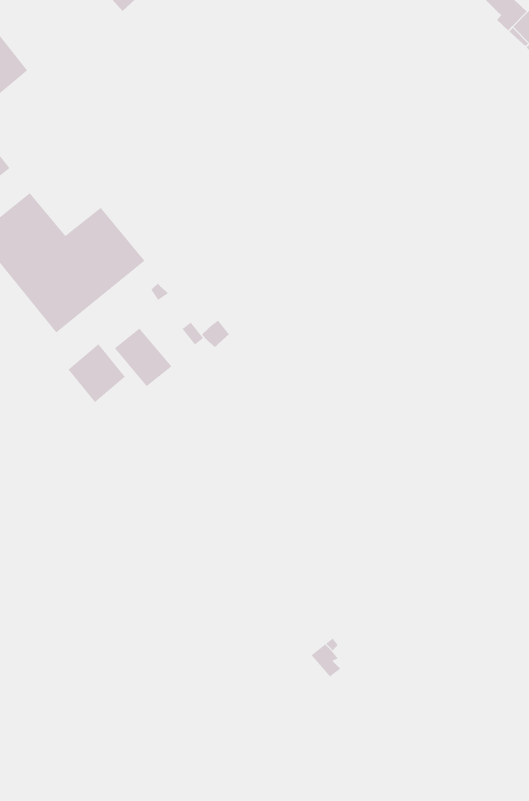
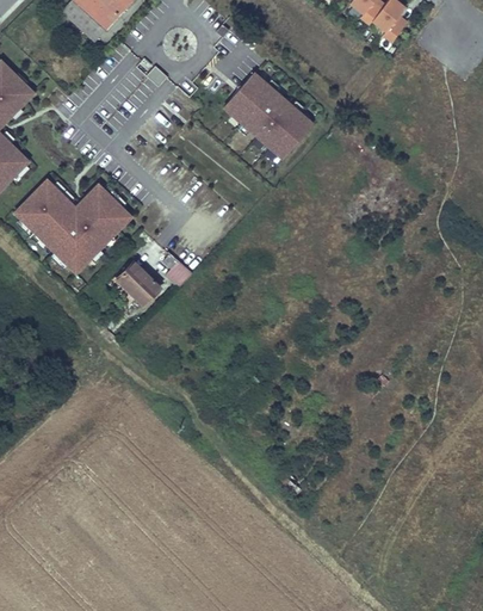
building: none -> [225,74,311,156]
building: [67,343,126,403] -> none

